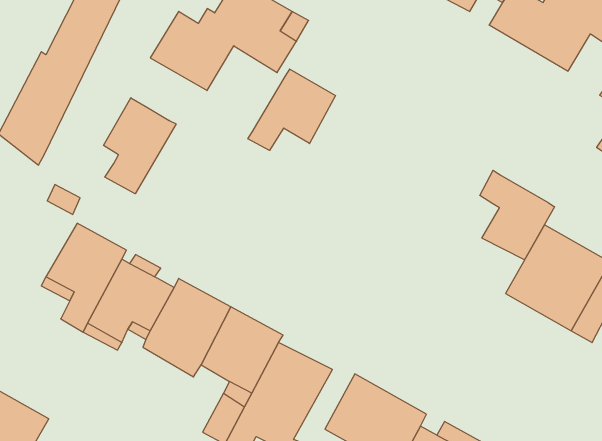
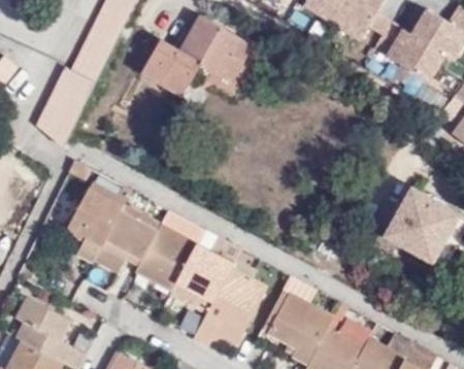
building: [248,69,335,150] -> none
building: [104,98,176,194] -> none
building: [480,170,555,260] -> none

